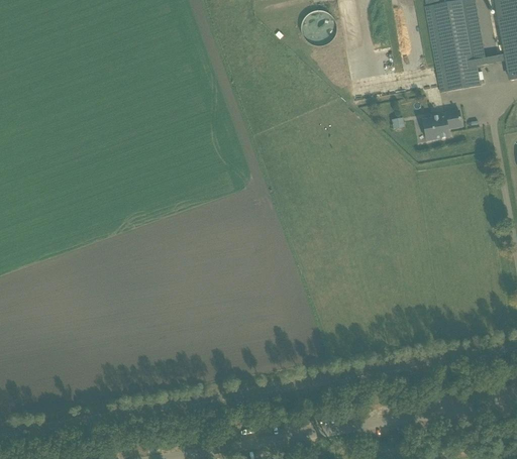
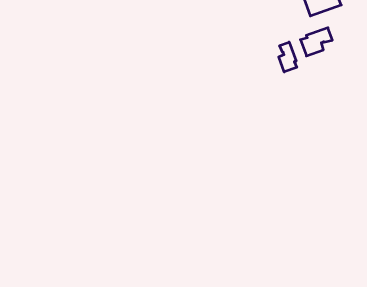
building: none -> [279,42,297,72]

